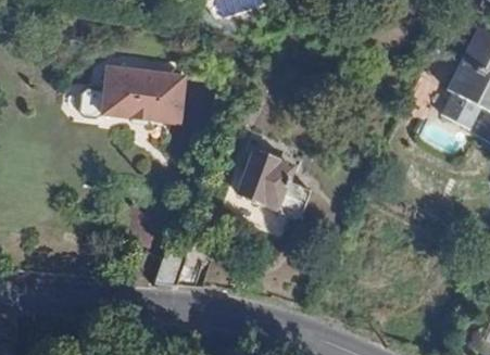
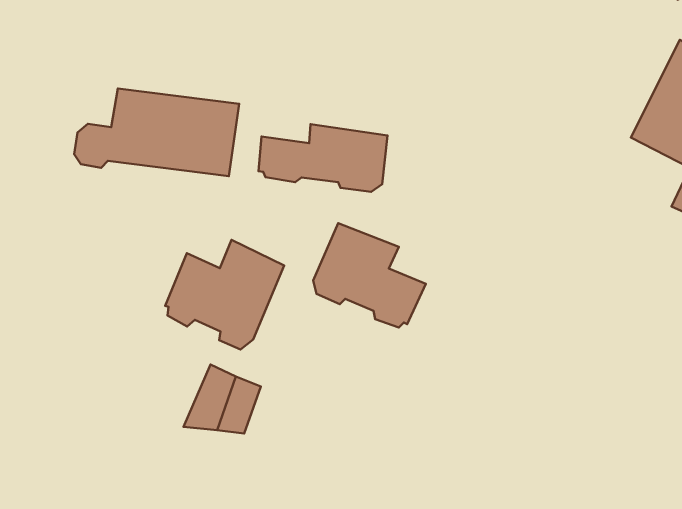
building: none -> [259,124,387,192]
building: none -> [165,240,284,349]

